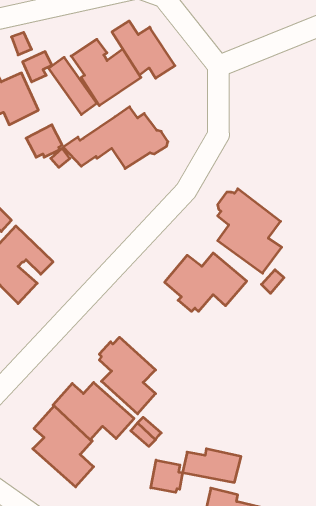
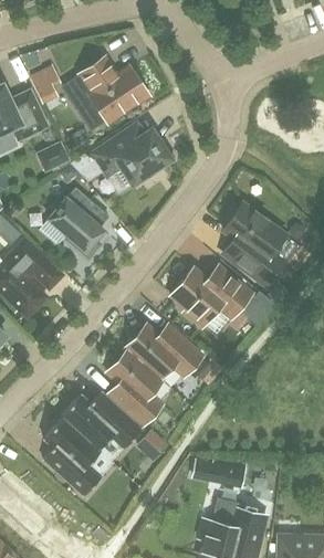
building: [112,21,175,78] -> none
building: none -> [49,187,104,251]
building: none -> [125,324,202,381]
building: [151,460,183,492] -> none

